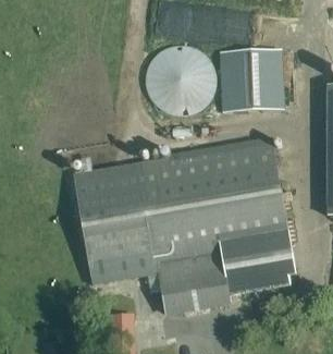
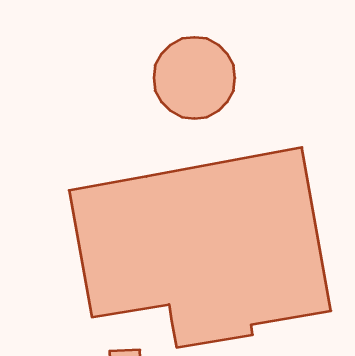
building: [220,48,283,109] -> none

